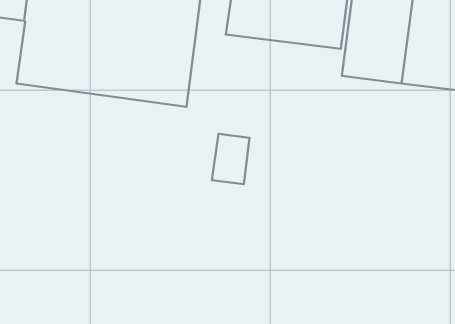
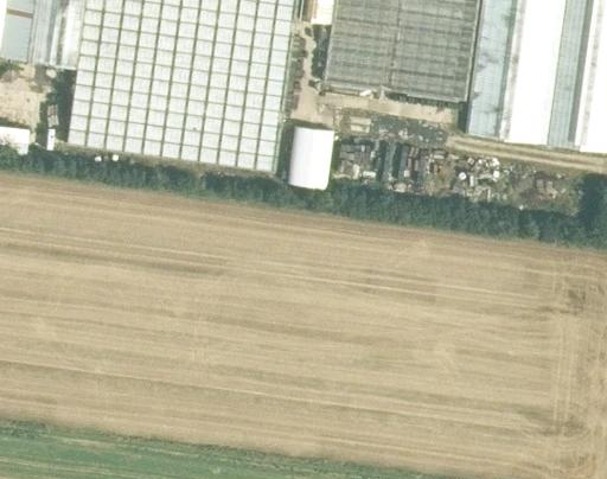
building: [212,134,250,184] -> [286,126,332,187]

